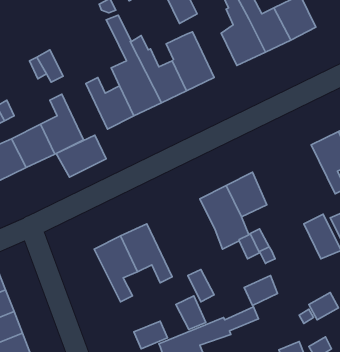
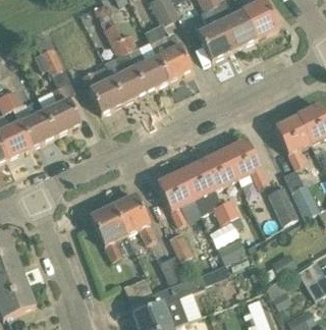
building: [56,135,106,177] -> none
building: none -> [224,141,267,186]
building: none -> [157,173,193,225]

